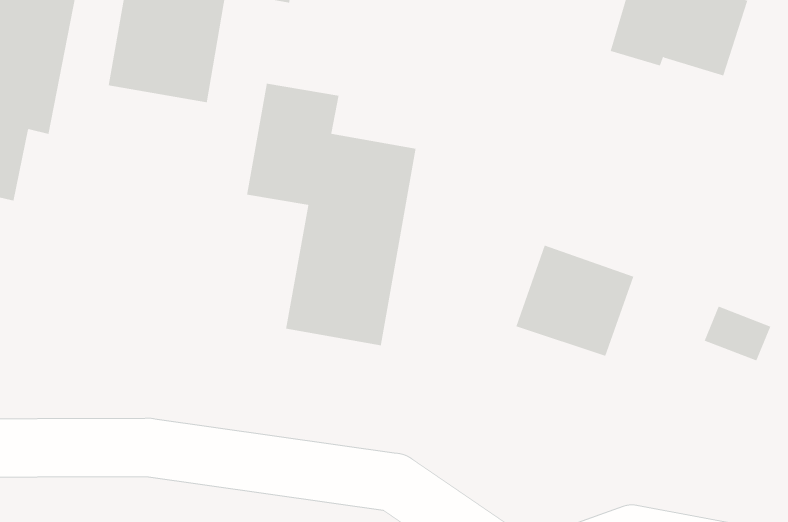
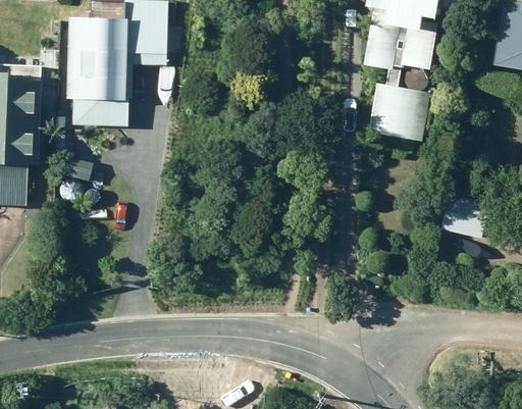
building: [247,83,416,346] -> none
building: [515,245,634,357] -> [364,79,428,138]

